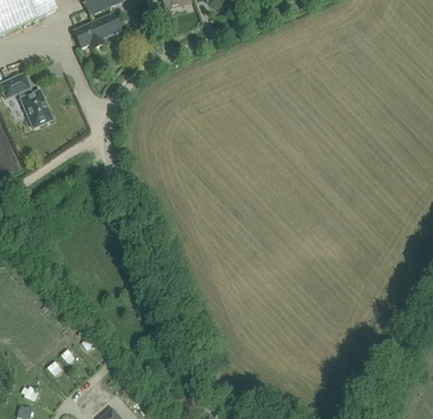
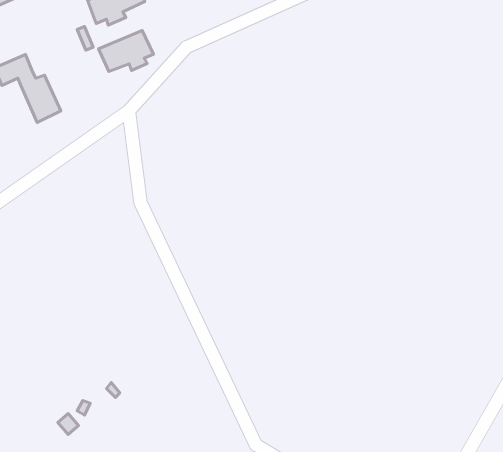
building: none -> [99,30,153,72]

